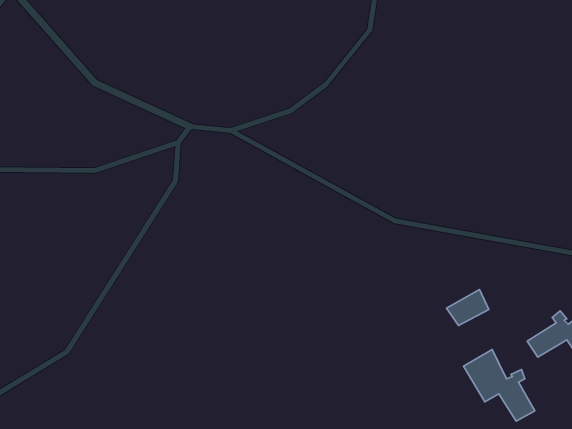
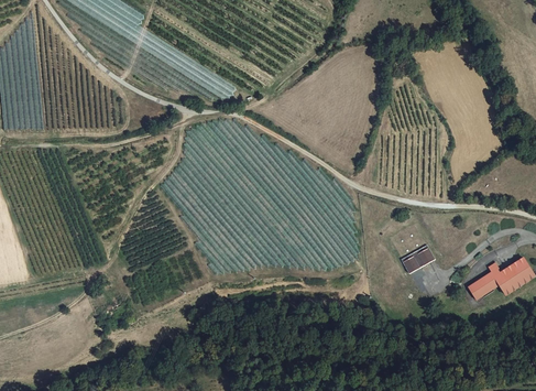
building: [463,349,535,421] -> none

